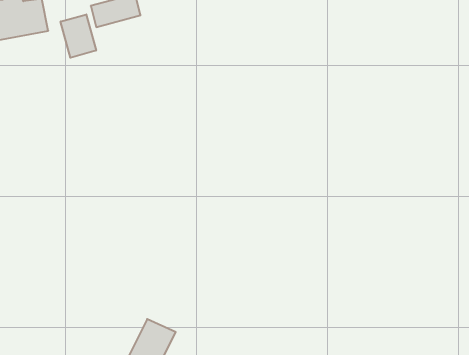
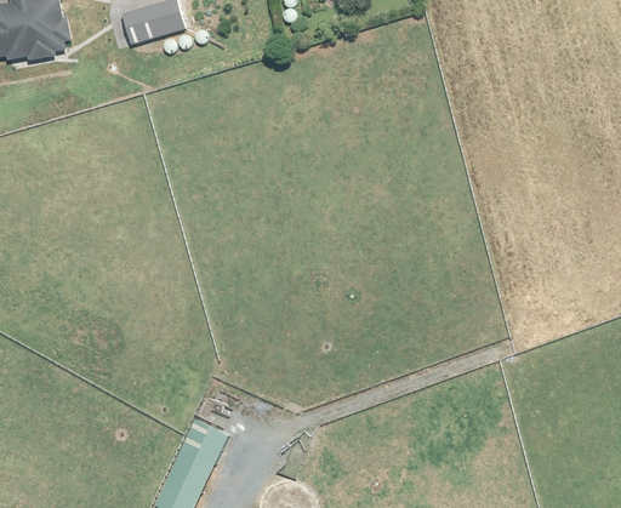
building: [61,14,96,58] -> none

